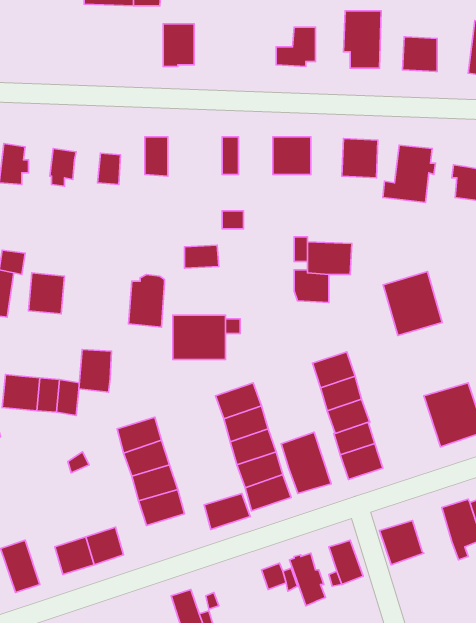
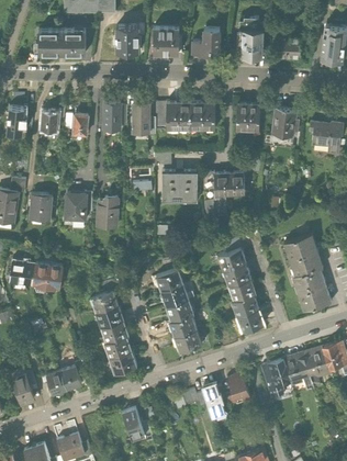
building: none -> [154,26,180,54]
building: none -> [40,31,86,55]
building: none -> [134,102,149,130]
building: none -> [168,102,191,127]
building: [383,272,442,336] -> [282,233,322,276]
building: [173,315,225,360] -> [163,171,198,201]
building: [79,349,112,392] -> [63,194,85,223]
building: [281,432,331,493] -> none
building: [204,494,250,530] -> [107,355,137,379]
building: none -> [283,350,311,380]

